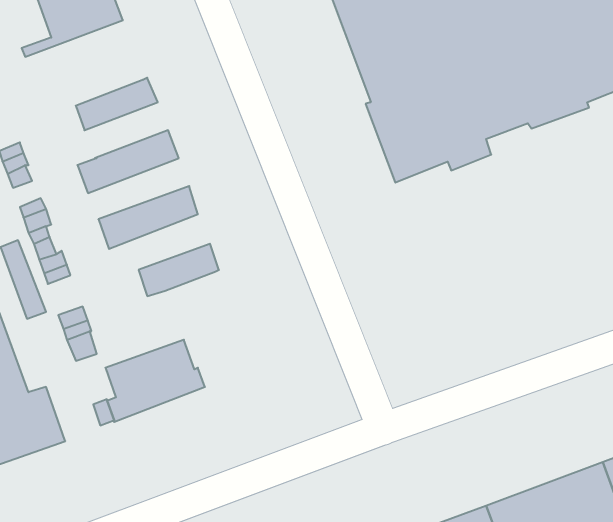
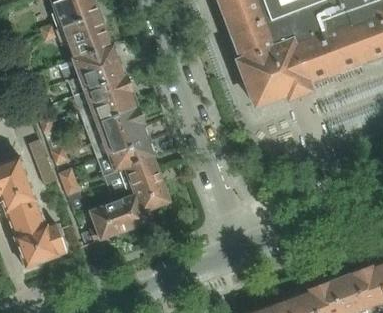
building: none -> [42,13,110,62]
building: none -> [76,60,124,92]
building: none -> [78,92,136,127]
building: none -> [90,124,148,160]
building: none -> [122,157,168,213]

